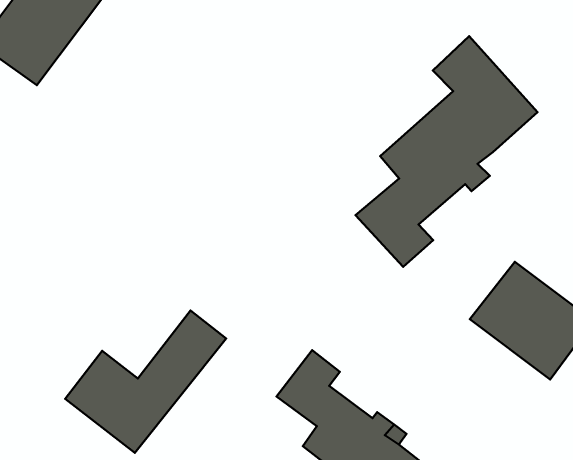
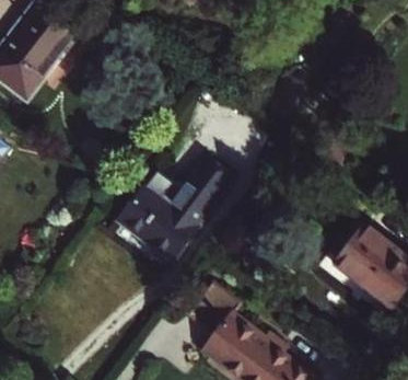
building: [356,36,538,267] -> none
building: [65,310,226,453] -> [119,158,233,258]

